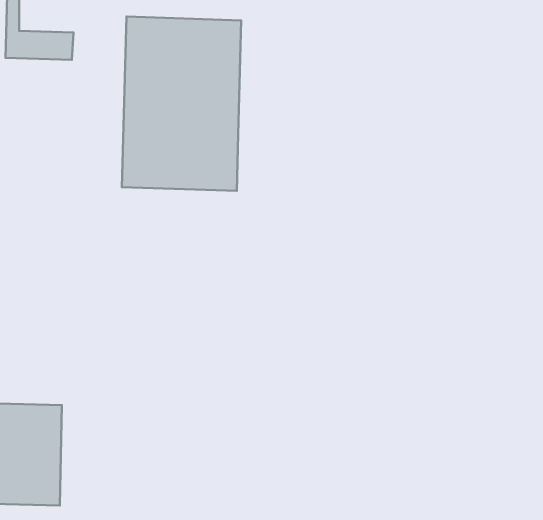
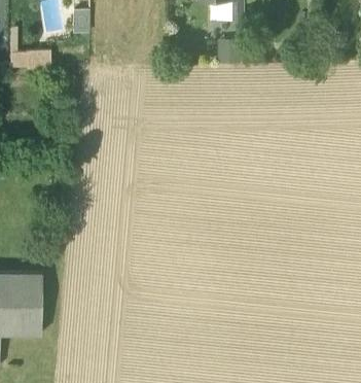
building: [122,17,241,191] -> none

